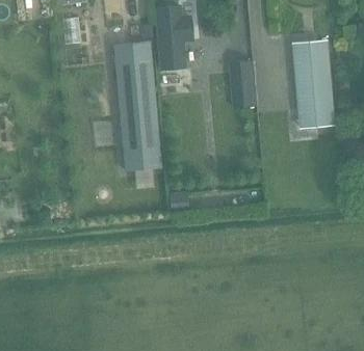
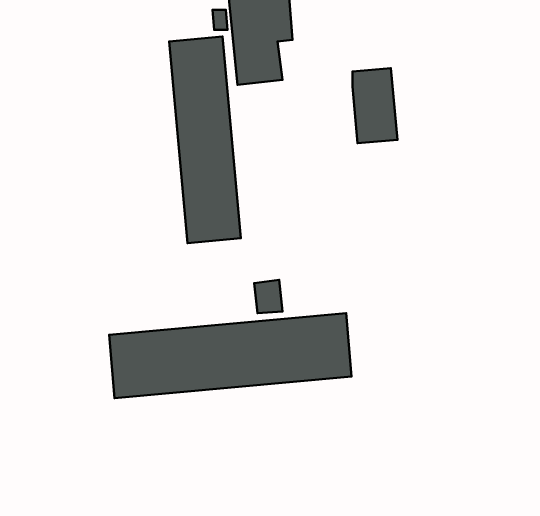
building: [294,39,336,126] -> none
building: none -> [109,313,352,398]

